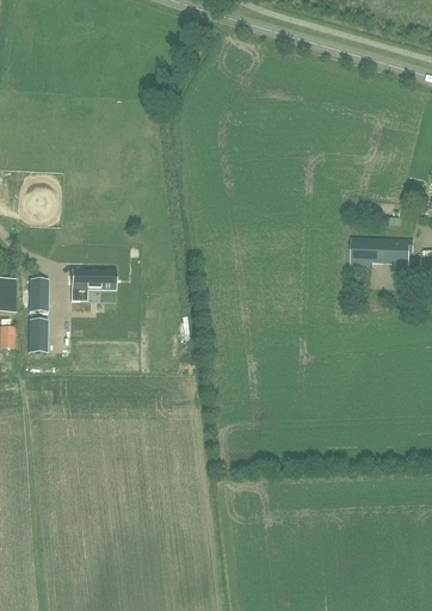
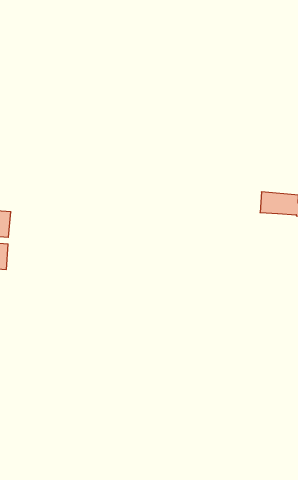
building: [74,266,113,286] -> none

